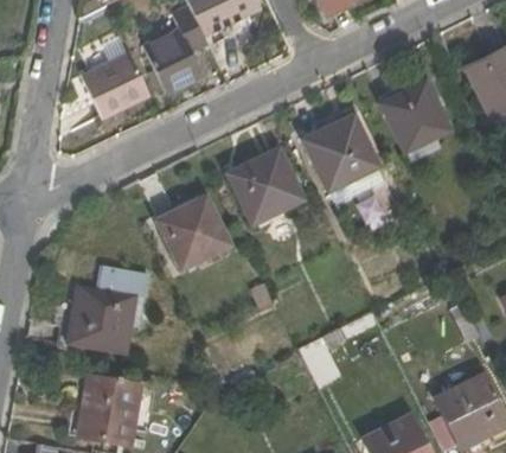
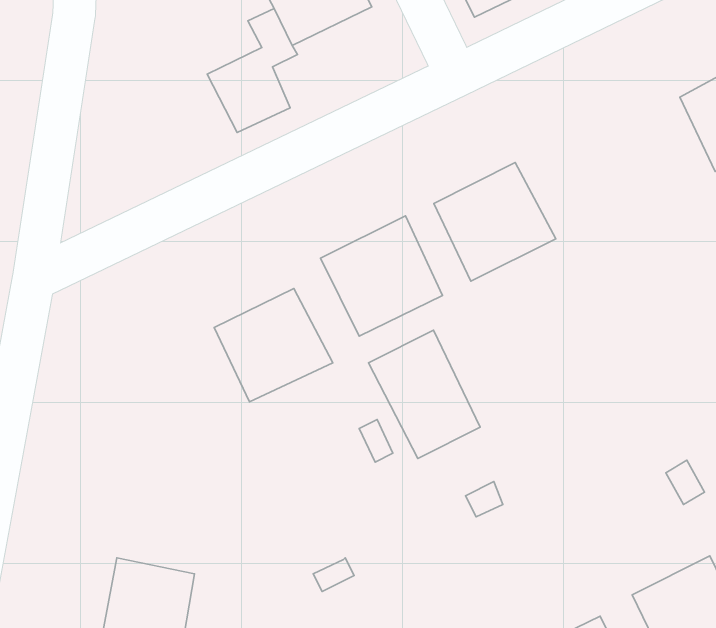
building: [82,49,150,114] -> none
building: [376,76,451,152] -> none
building: none -> [368,330,480,459]
building: [66,264,150,356] -> none

